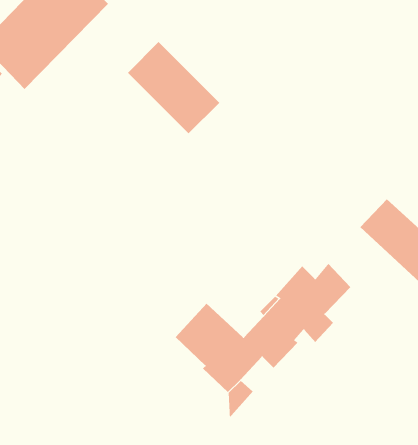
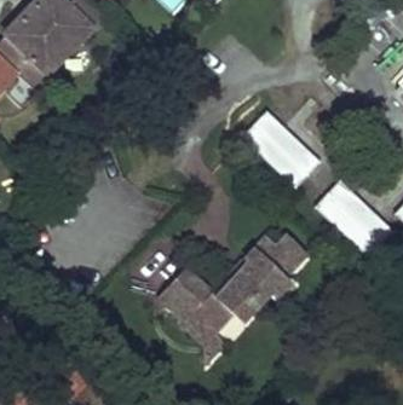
building: [127,41,220,134] -> [241,108,319,186]

